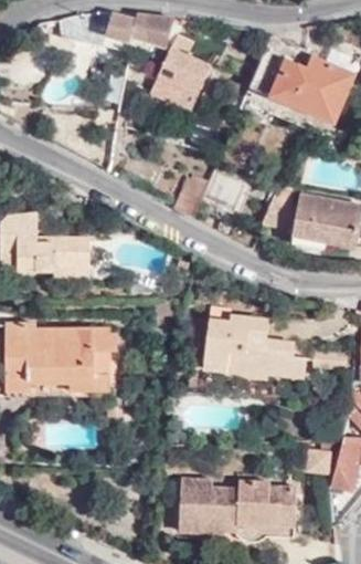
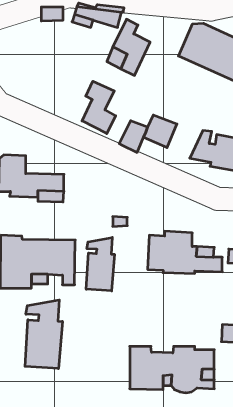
building: none -> [82,81,116,134]
building: none -> [86,237,114,291]
building: none -> [25,300,62,369]

